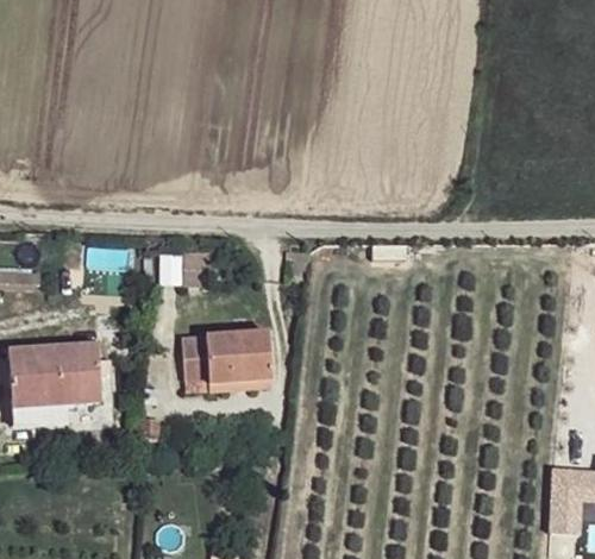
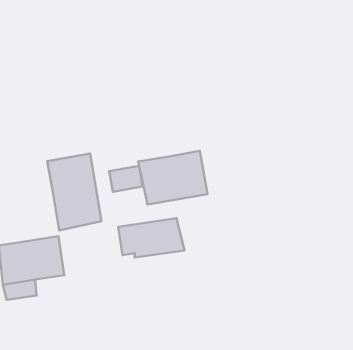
building: none -> [47,154,102,230]
building: none -> [138,151,208,204]

